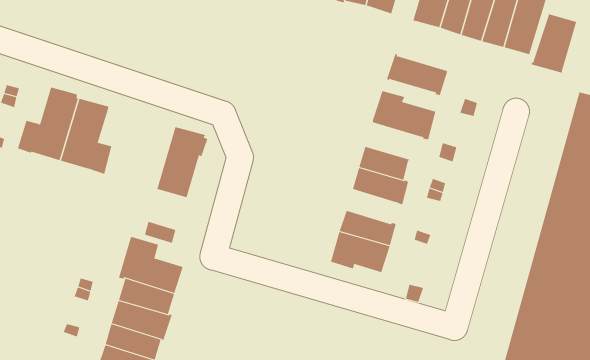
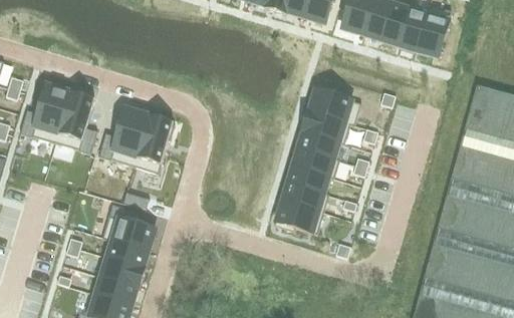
building: [531,13,577,73] -> none
building: [386,54,448,95] -> [299,109,349,143]
building: none -> [98,105,148,166]
building: none -> [287,166,328,194]

